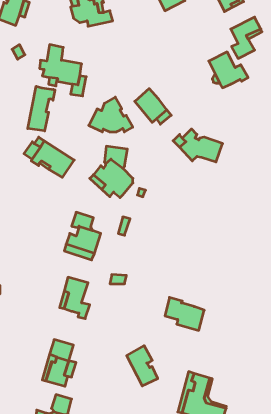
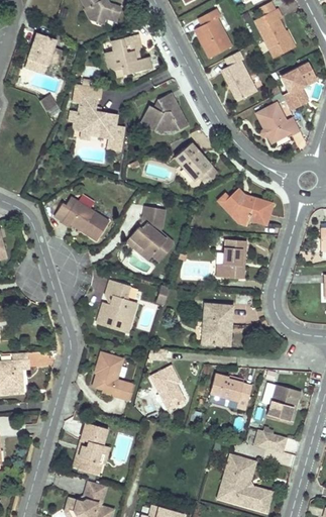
building: none -> [221,51,256,100]
building: [28,86,55,131] -> none
building: [89,97,133,132] -> [139,93,188,131]
building: none -> [216,240,246,280]
building: none -> [201,304,232,345]
building: none -> [265,385,299,424]
building: [127,346,158,386] -> [150,366,185,410]
building: none -> [257,430,286,452]

